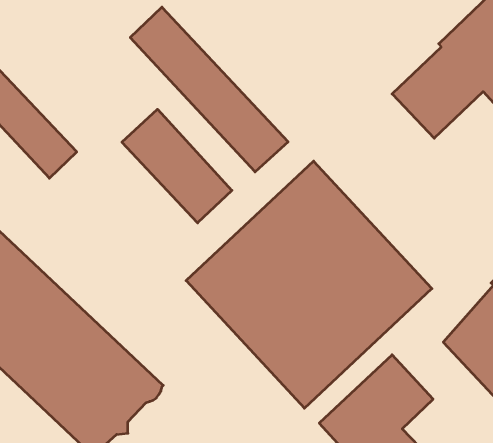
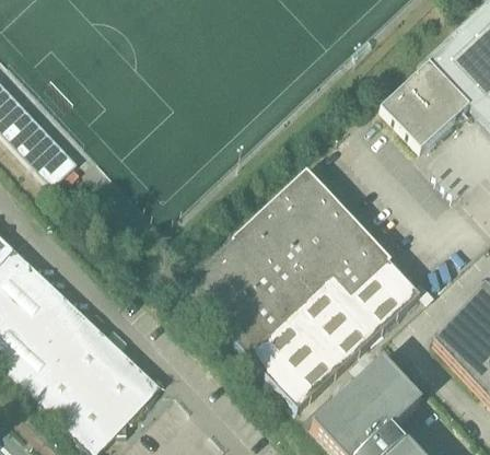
building: [130,7,288,172] -> none
building: [122,109,232,223] -> none

